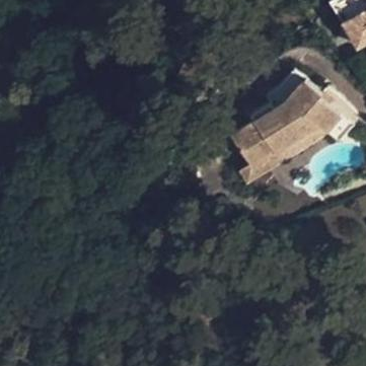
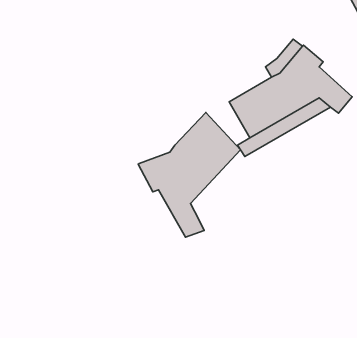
building: none -> [138,113,241,237]

